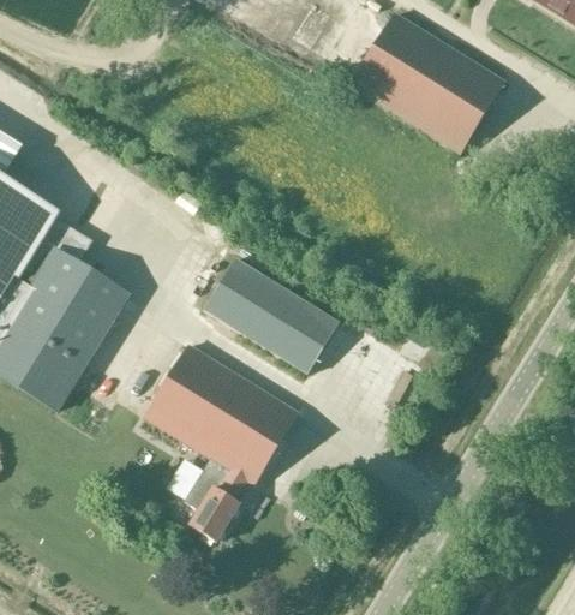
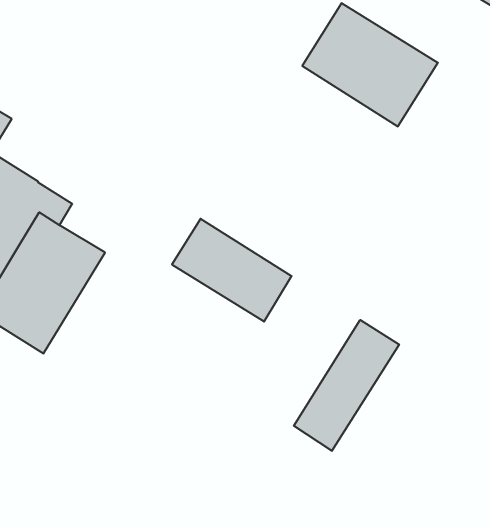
building: [143,344,298,541] -> none
building: none -> [294,320,399,451]

